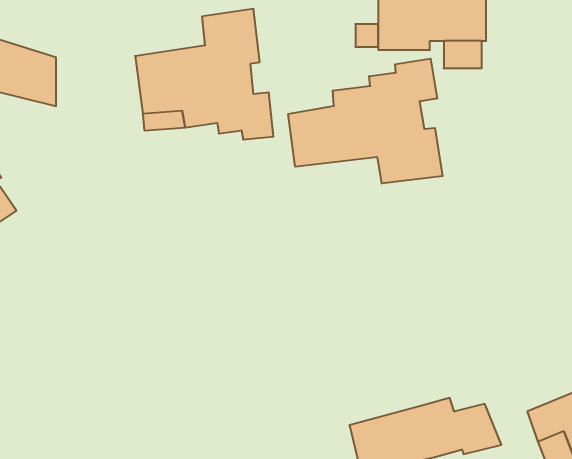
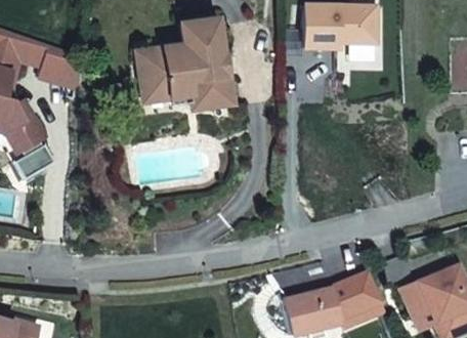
building: [288,59,442,184] -> none

